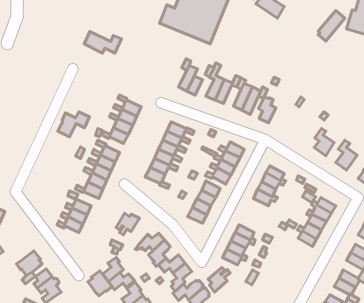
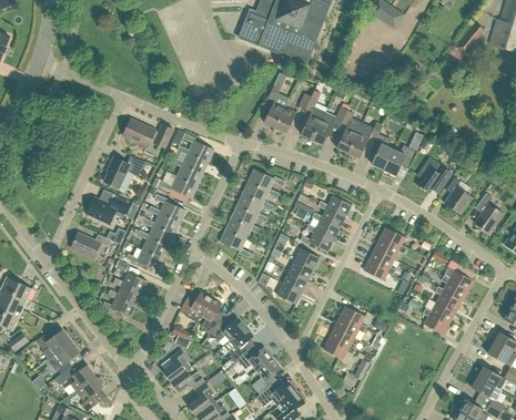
building: [84,31,122,53] -> [122,117,172,146]
building: none -> [383,143,415,174]
building: none -> [416,156,451,192]
building: none -> [85,196,128,223]
building: none -> [70,232,111,257]
building: none -> [200,296,222,332]
building: none -> [34,328,70,357]
building: [208,268,230,292] -> none
building: [88,271,112,296] -> none

